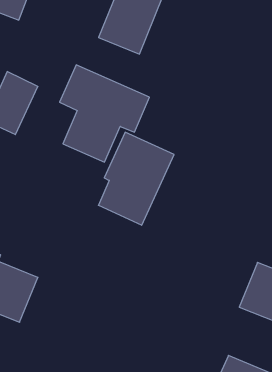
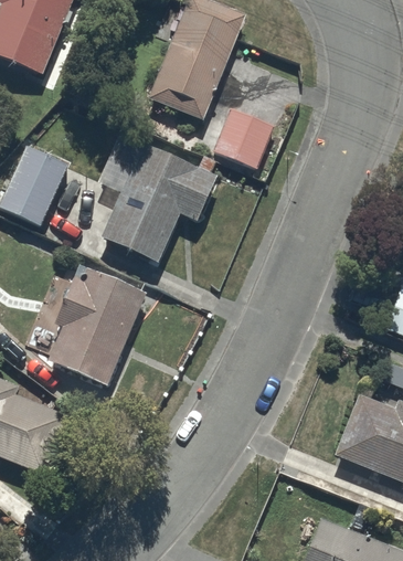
building: none -> [212,104,275,167]
building: [98,132,174,225] -> [47,262,148,385]

